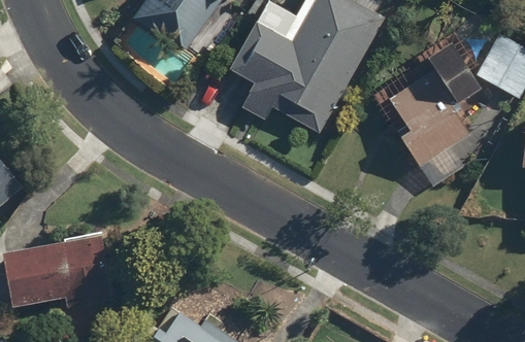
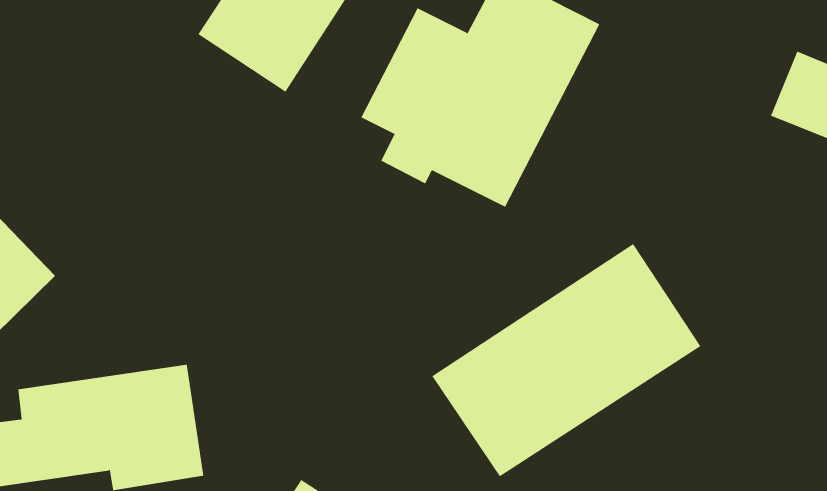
building: [389,44,485,191] -> none
building: none -> [432,243,701,477]

